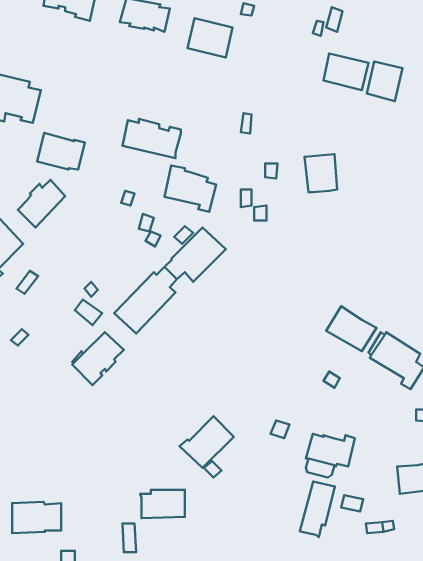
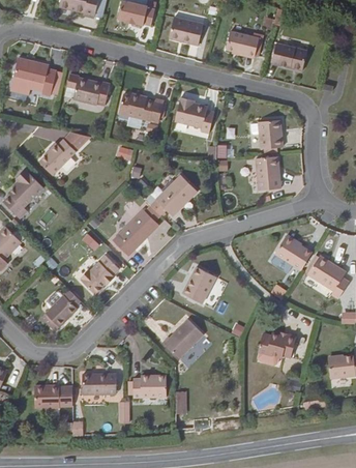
building: none -> [226,30,259,56]
building: [367,62,403,101] -> none
building: [37,133,85,170] -> [73,77,110,105]
building: [164,166,216,212] -> [175,97,214,133]
building: none -> [256,156,280,189]
building: none -> [182,266,216,302]
building: none -> [41,289,81,331]
building: [300,482,335,537] -> none
building: none -> [83,373,117,393]

